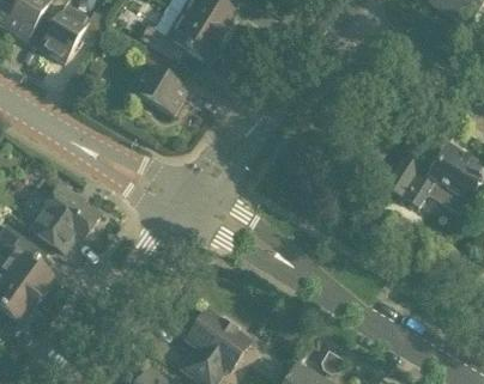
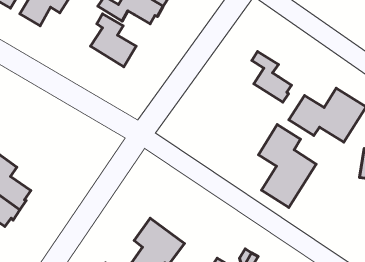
building: none -> [252,51,292,102]
building: [30,187,99,252] -> none
building: none -> [259,125,316,208]

